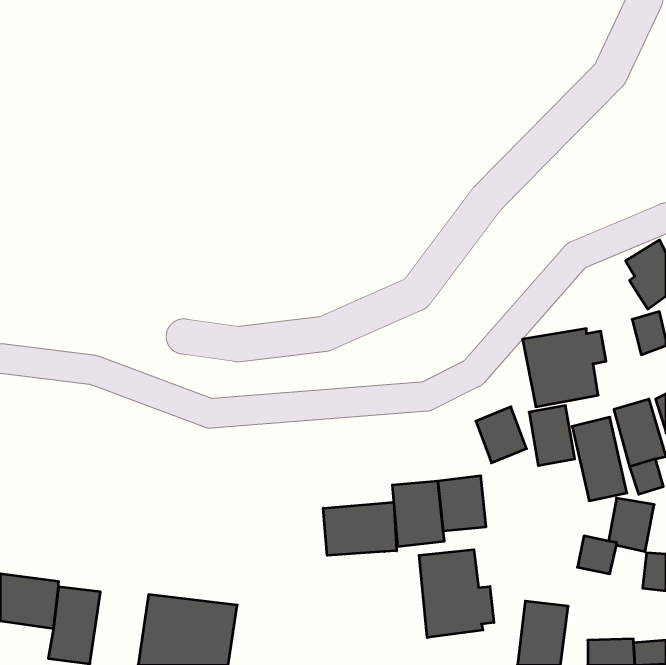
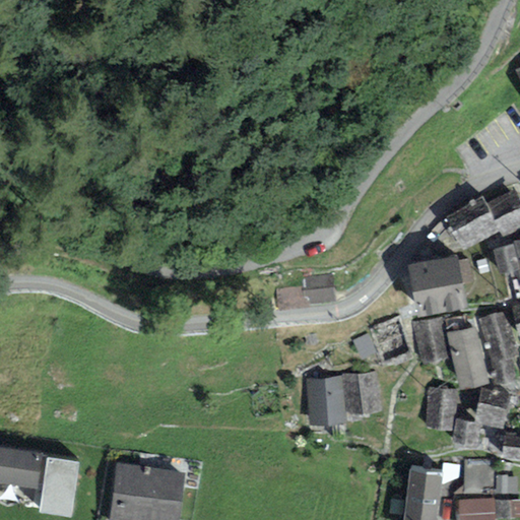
building: none -> [445,195,498,250]
building: none -> [426,387,456,430]
building: [323,502,397,555] -> none
building: [419,550,494,638] -> none

